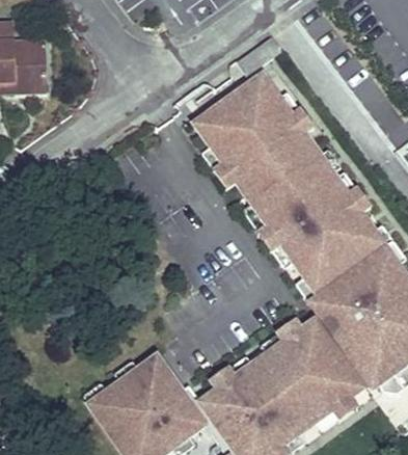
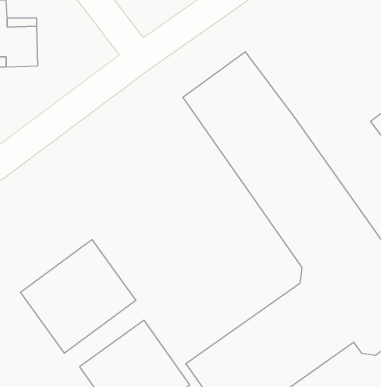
building: none -> [20,240,136,353]

